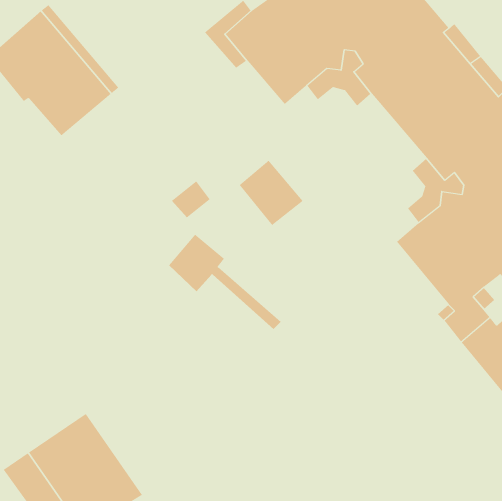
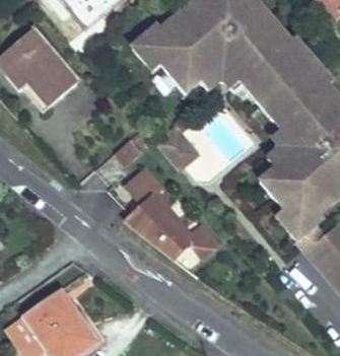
building: none -> [122,200,213,259]

